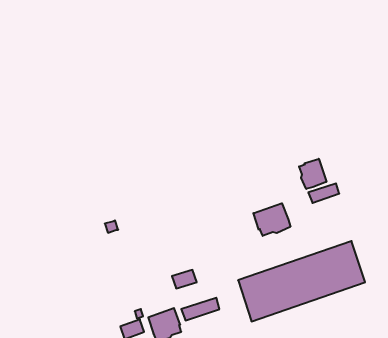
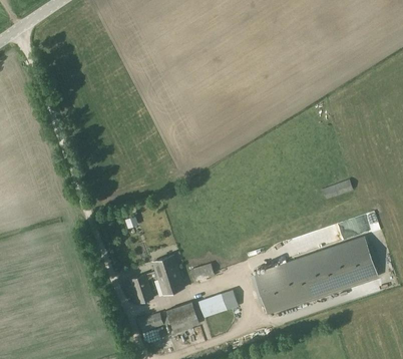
building: [299,159,326,189] -> none
building: [253,203,290,236] -> none
building: none -> [129,256,183,304]

